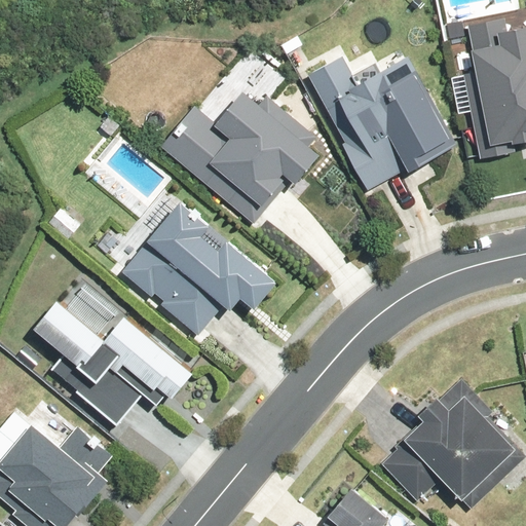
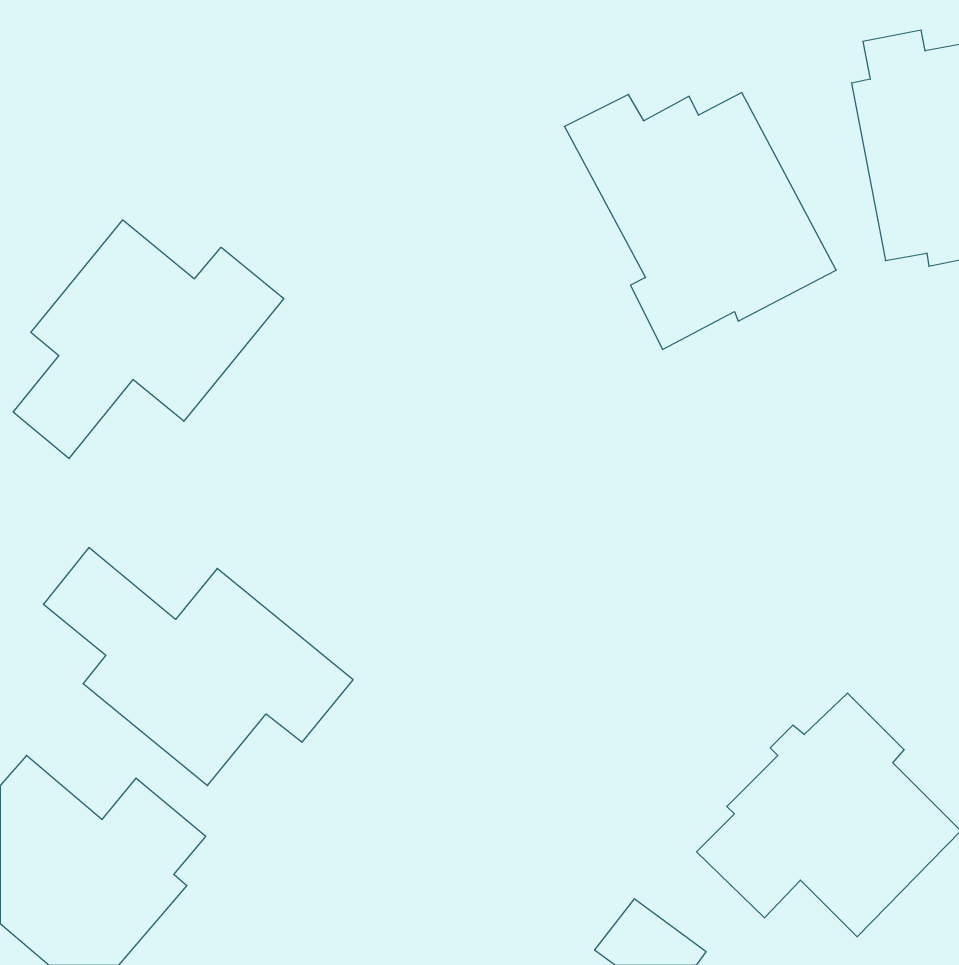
building: [160,91,317,226] -> none
building: none -> [13,220,284,459]
building: [114,201,283,336] -> none

